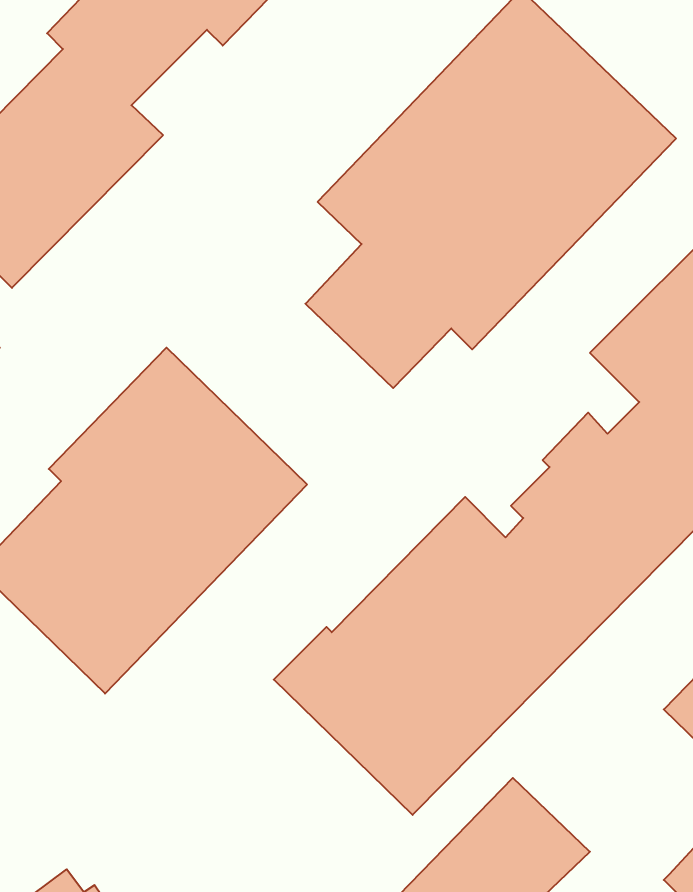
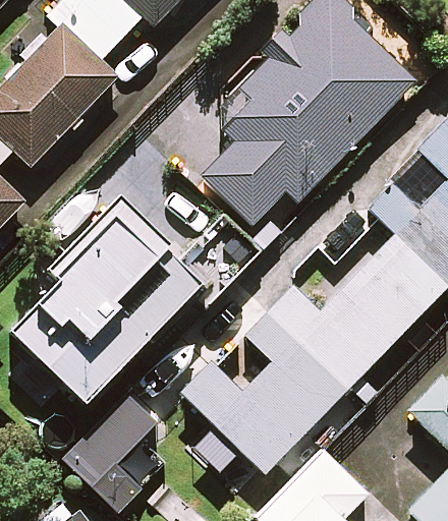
building: none -> [64,394,171,511]

